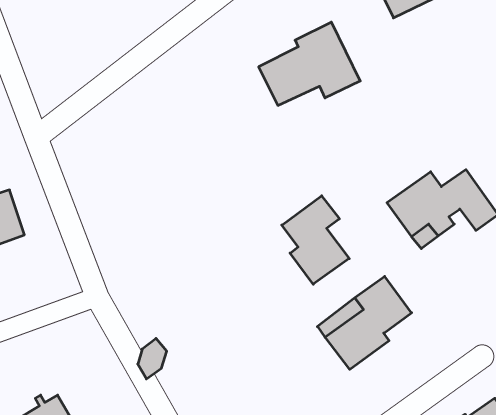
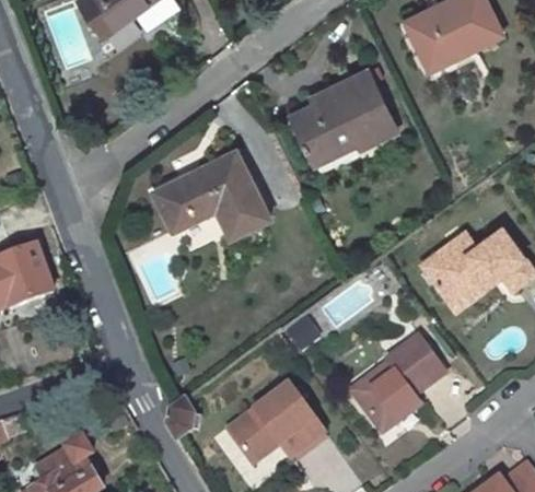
building: none -> [152,155,267,241]
building: [282,196,349,284] -> none
building: none -> [230,384,327,465]

